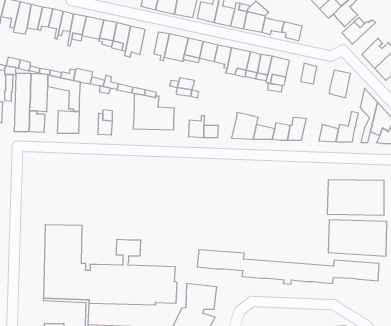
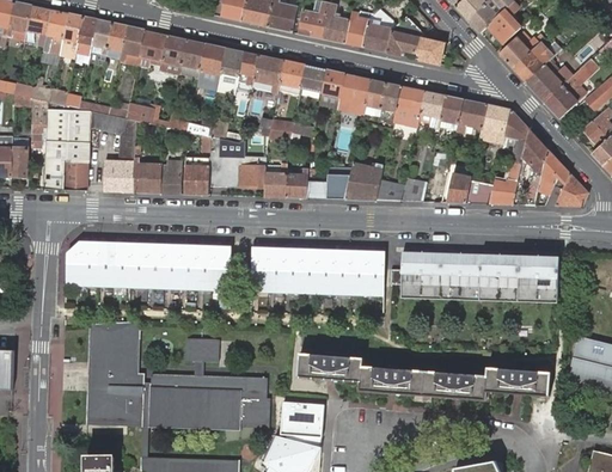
building: none -> [513,47,558,82]
building: none -> [218,48,244,91]
building: none -> [420,91,446,127]
building: none -> [457,99,488,131]
building: none -> [502,109,530,164]
building: none -> [134,145,161,192]
building: none -> [184,157,210,194]
building: none -> [265,164,287,196]
building: none -> [326,166,353,198]
building: none -> [446,166,472,202]
building: none -> [63,243,230,295]
building: none -> [247,250,384,298]
building: [328,220,387,256] -> [398,253,479,304]

